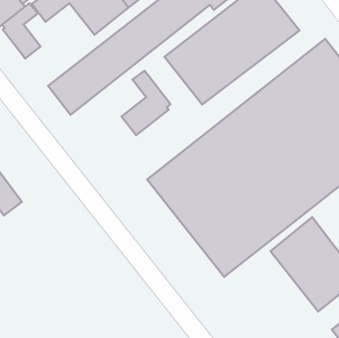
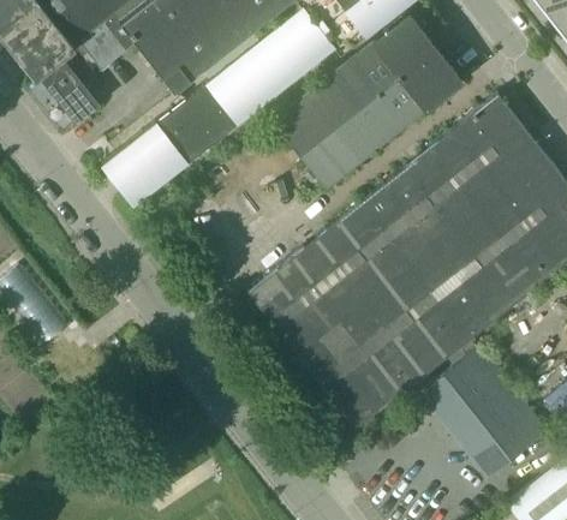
building: [122,71,171,135] -> none

